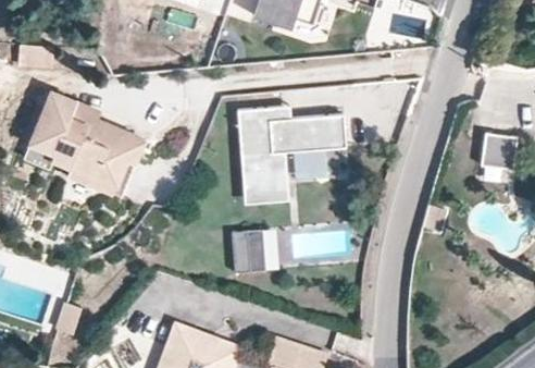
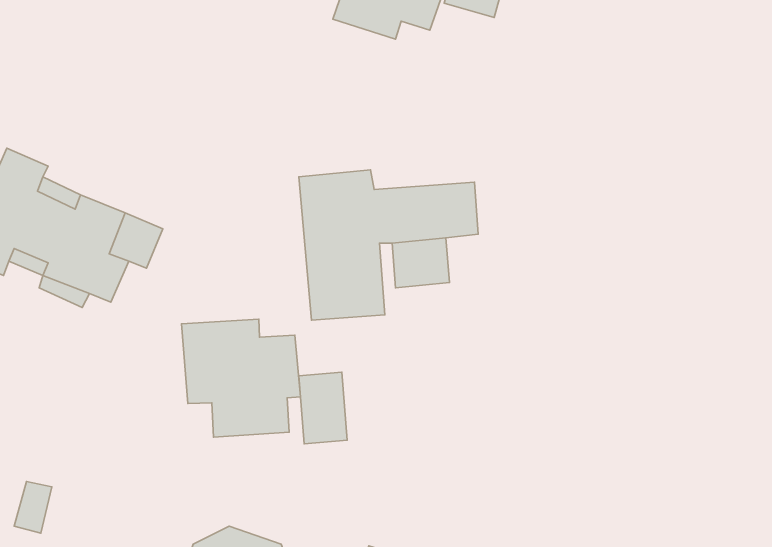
building: [481,134,515,170] -> none
building: none -> [181,319,301,437]

